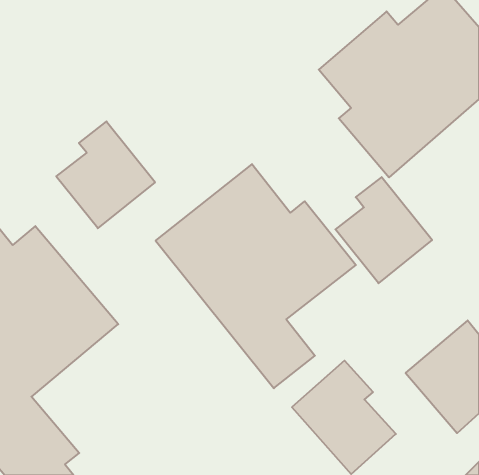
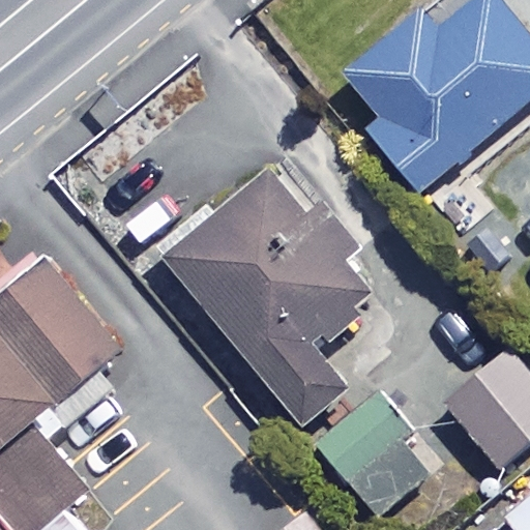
building: [56,121,155,228] -> none
building: [335,177,432,283] -> none

